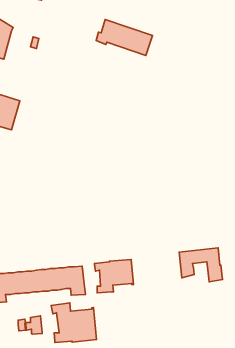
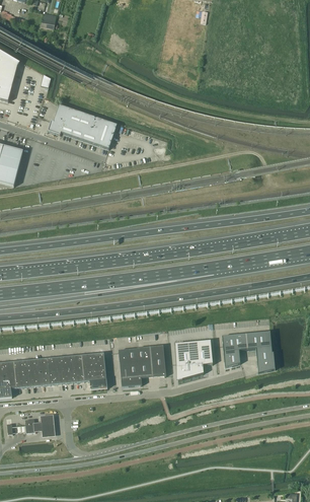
building: [96,20,153,55] -> [48,104,117,148]
building: none -> [174,340,213,379]
building: [51,303,96,342] -> none

